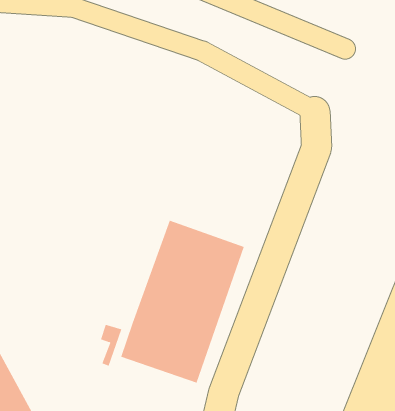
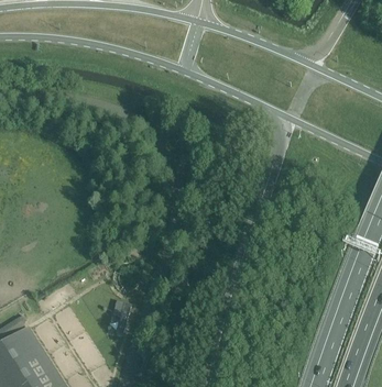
building: [120,220,244,384] -> none

